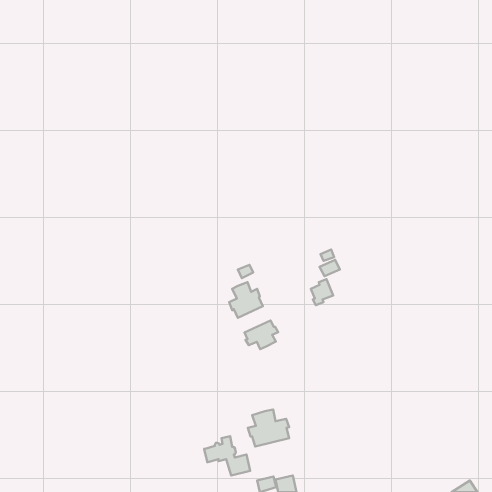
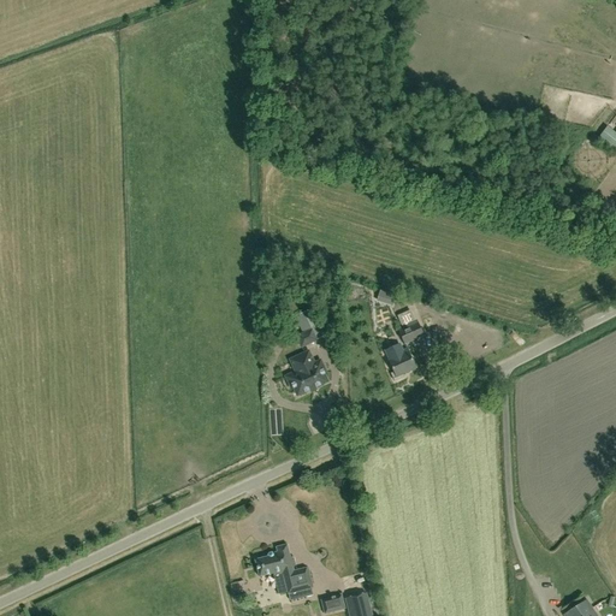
building: [244,320,278,349] -> none
building: [248,409,289,447] -> none

